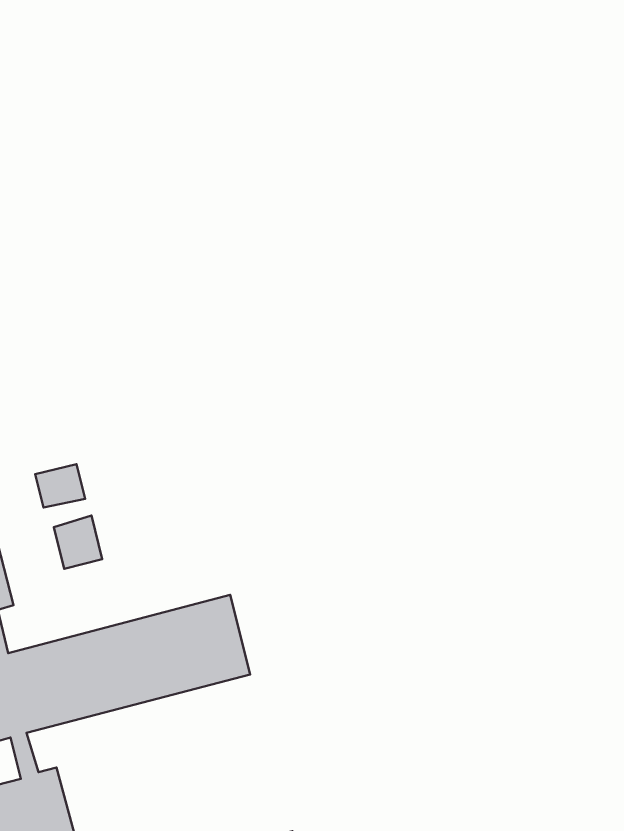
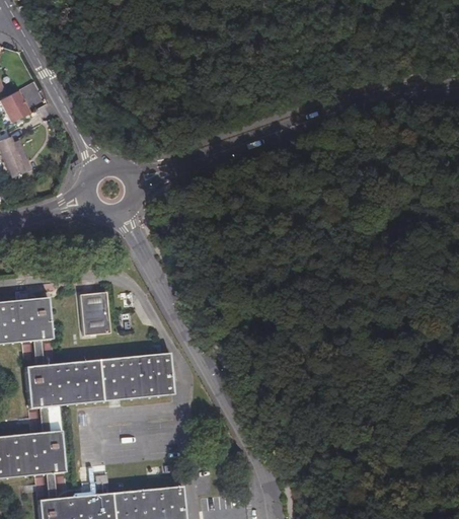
building: [35,464,85,507] -> none

